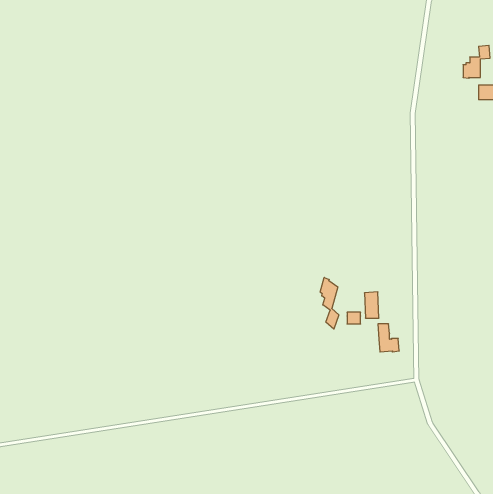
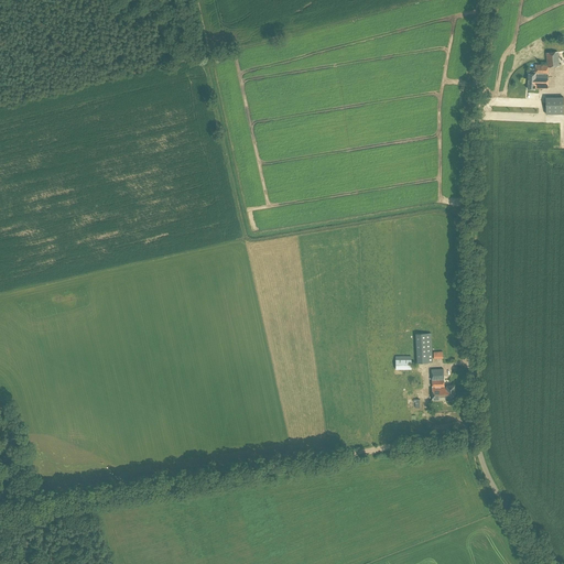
building: [320,277,339,329] -> none

